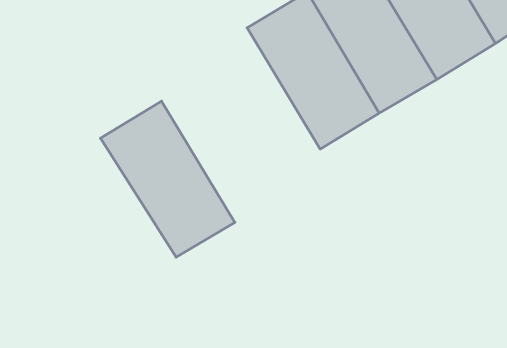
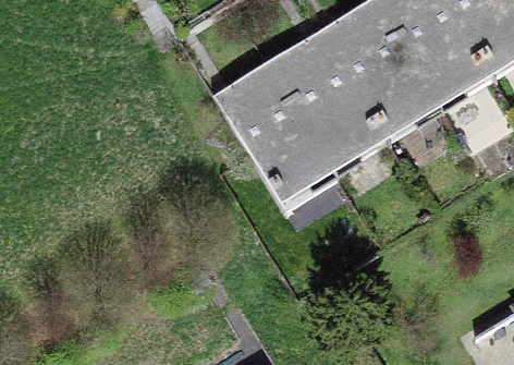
building: [100,101,235,257] -> [213,58,335,199]

